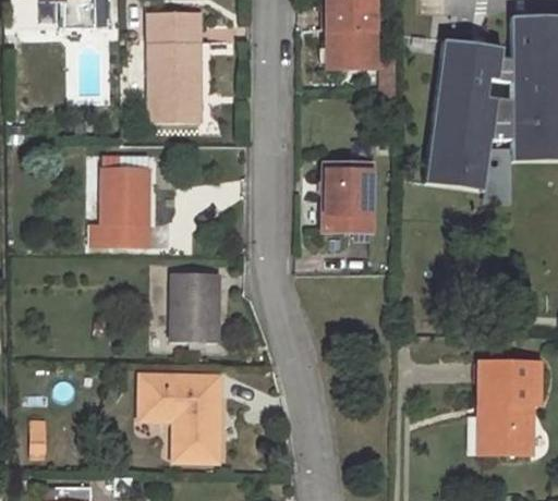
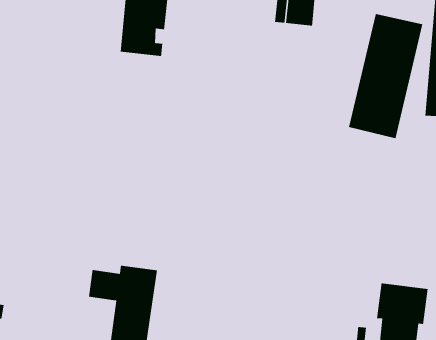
building: [324,162,373,230] -> none
building: [90,167,150,246] -> none
building: [173,272,218,342] -> none

